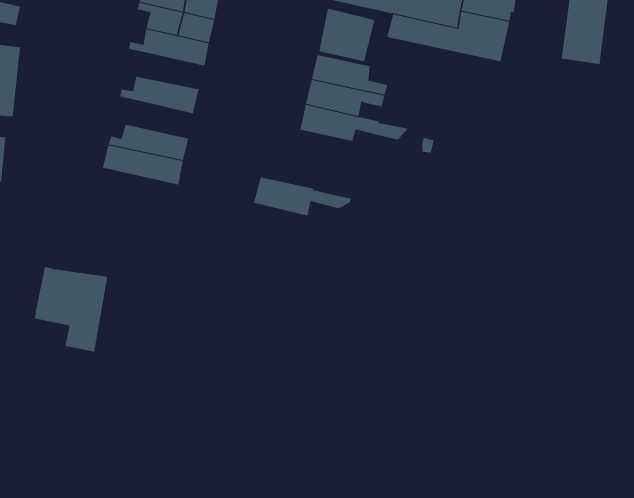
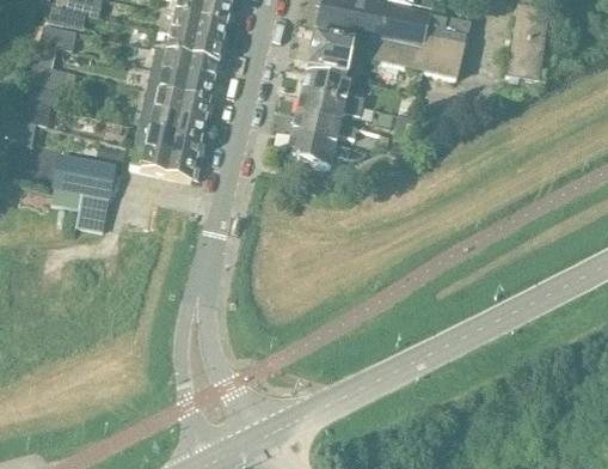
building: none -> [151,65,215,98]
building: none -> [143,104,205,139]
building: [253,177,352,216] -> [287,132,368,164]
building: [34,266,108,352] -> [54,156,115,226]

